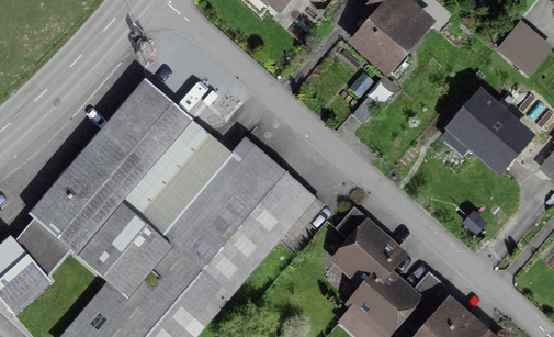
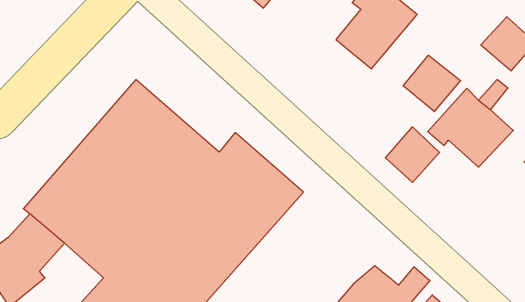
building: none -> [403,55,461,112]
building: none -> [385,127,440,182]
building: [330,220,403,290] -> none

